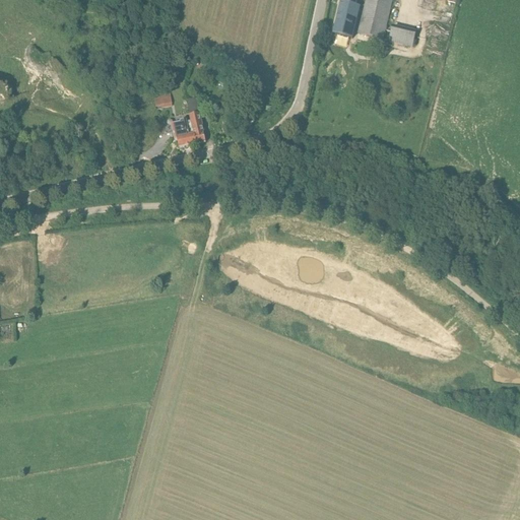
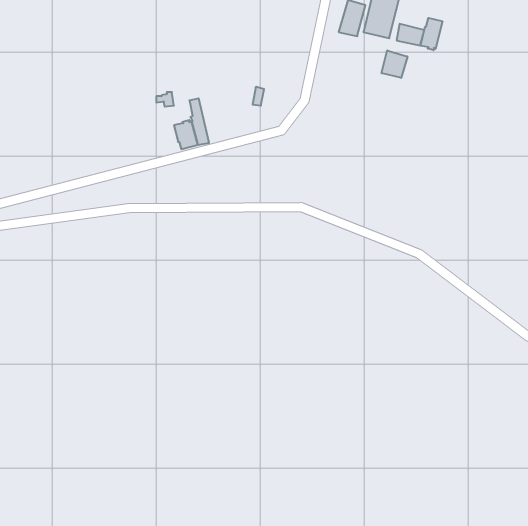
building: none -> [421,18,442,50]
building: none -> [382,50,407,78]

